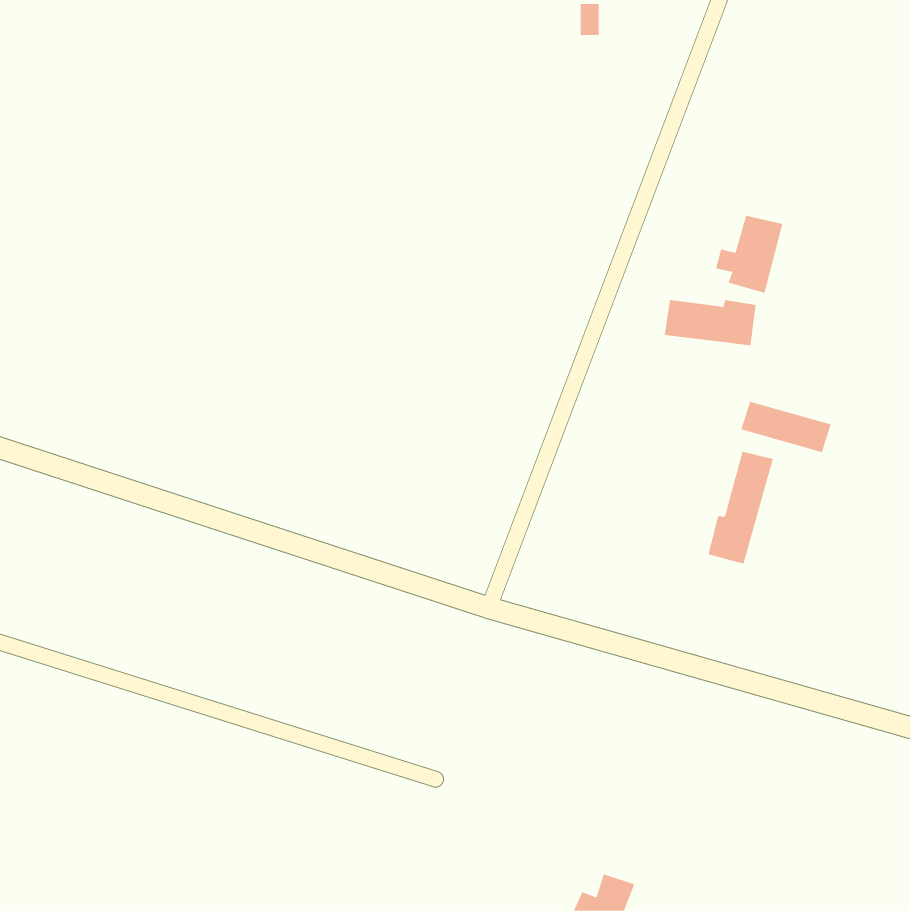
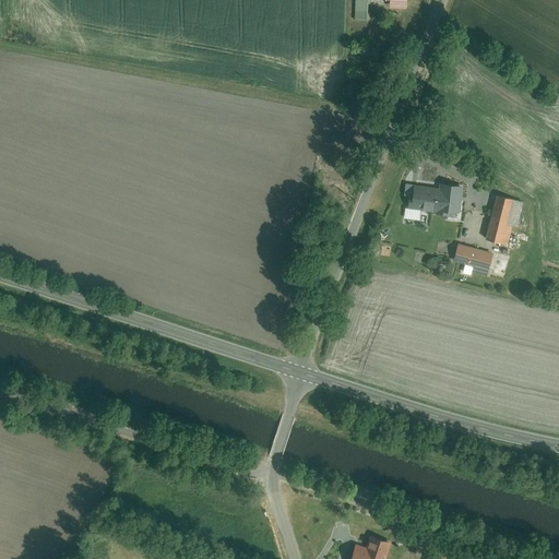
building: [715,215,783,293] -> [478,198,520,246]
building: [708,451,774,565] -> none

